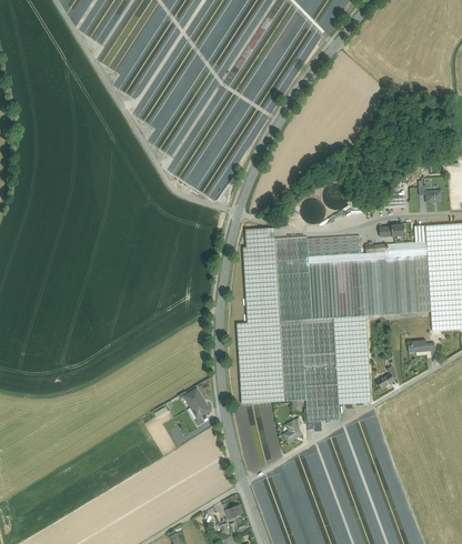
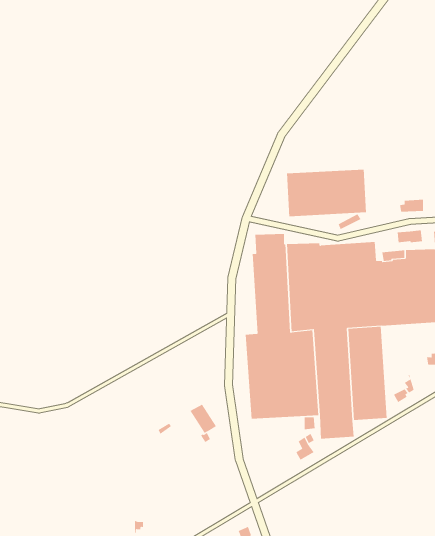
building: none -> [287,169,366,217]

